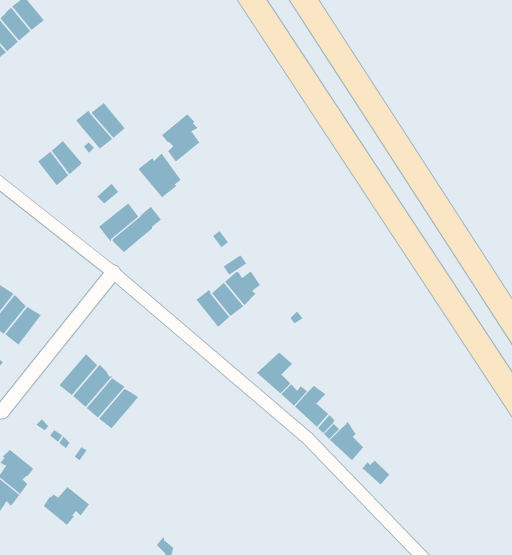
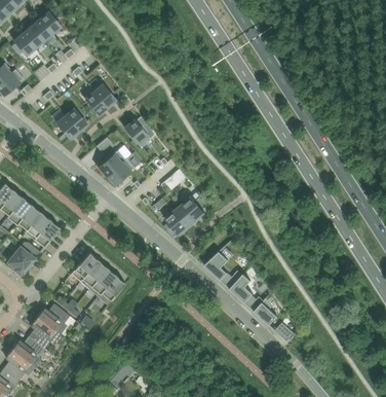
building: [161,114,200,162] -> none
building: [43,486,90,526] -> [38,303,70,330]

